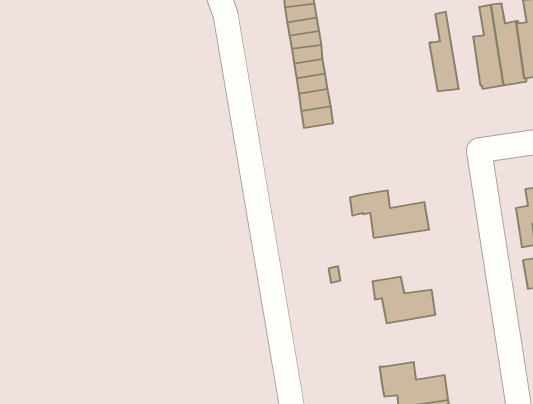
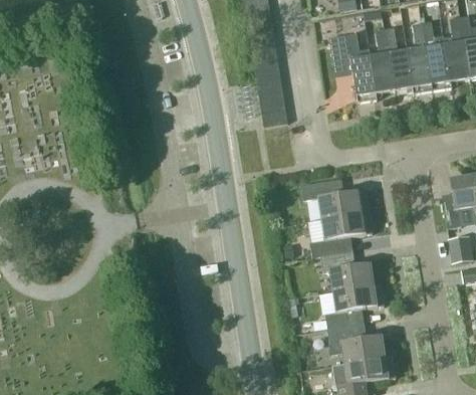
building: none -> [383,25,412,91]
building: none -> [327,30,377,101]
building: none -> [309,211,372,256]
building: none -> [328,281,383,328]

